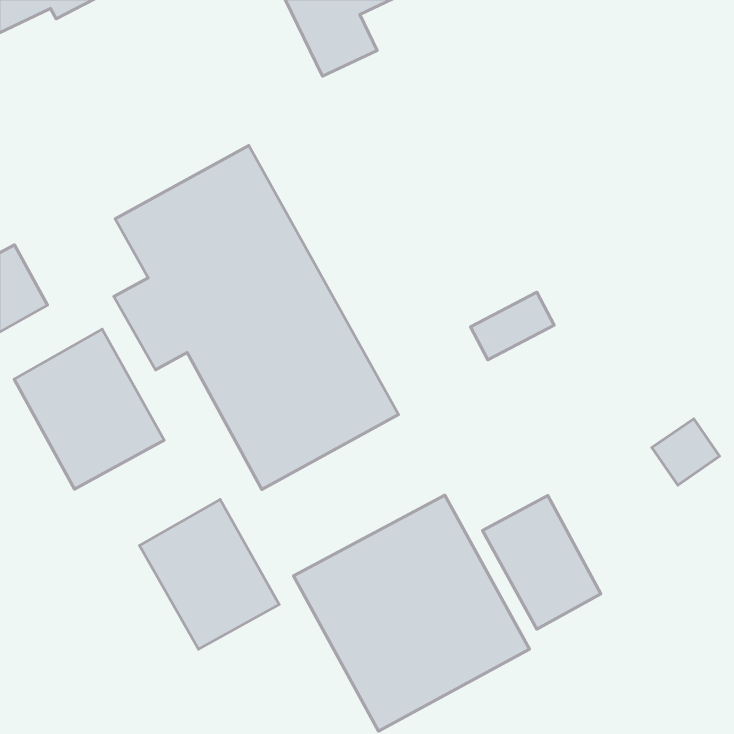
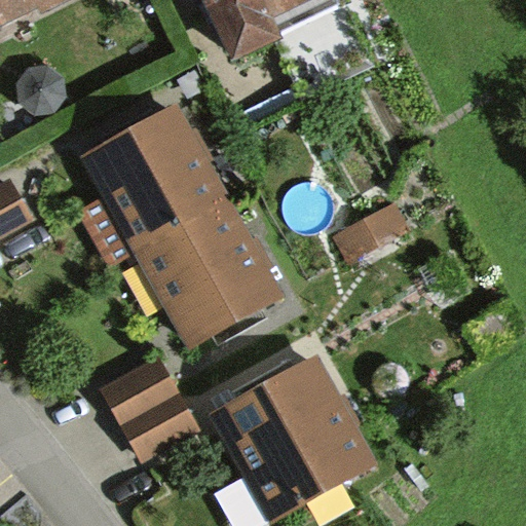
building: [14,329,164,489] -> none
building: [483,495,601,629] -> none

